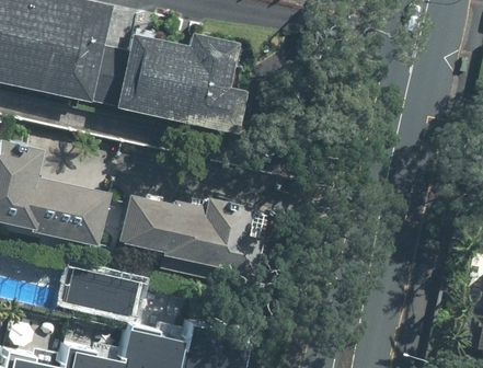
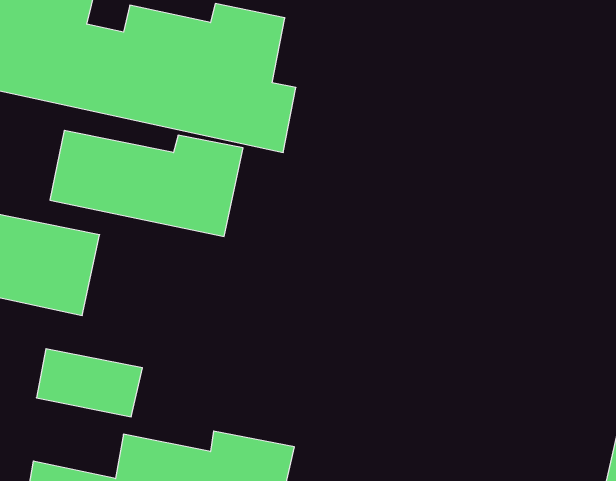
building: [119,194,253,267] -> [50,130,243,236]

